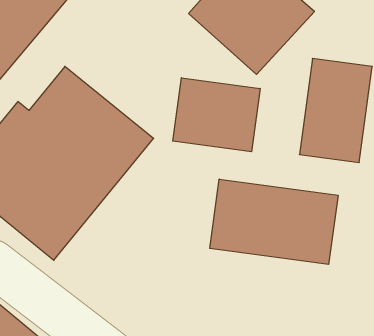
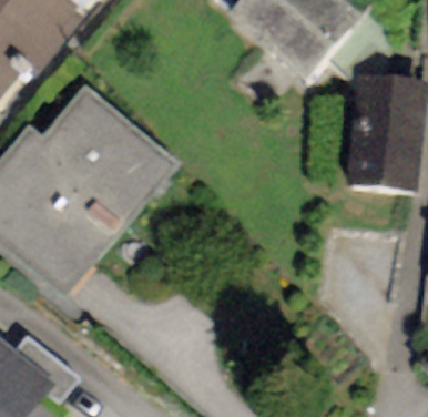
building: [173,78,260,152] -> none
building: [210,179,338,264] -> none

